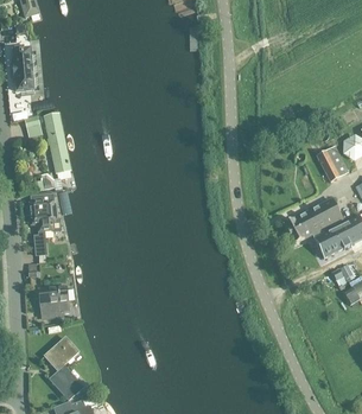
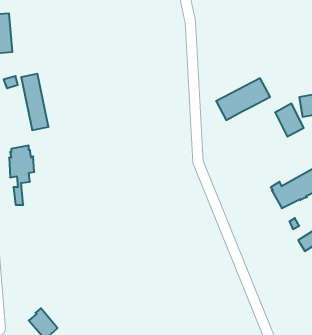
building: [284,197,342,242] -> [216,78,270,120]
building: [40,285,69,314] -> none
building: [45,337,78,369] -> none

